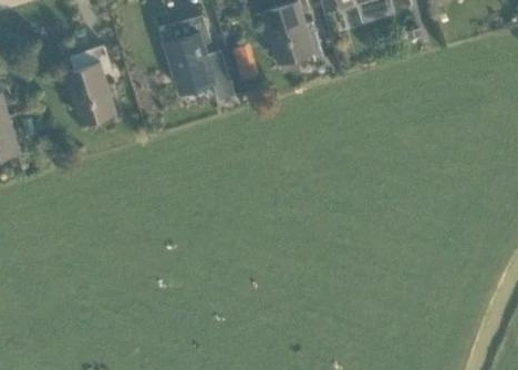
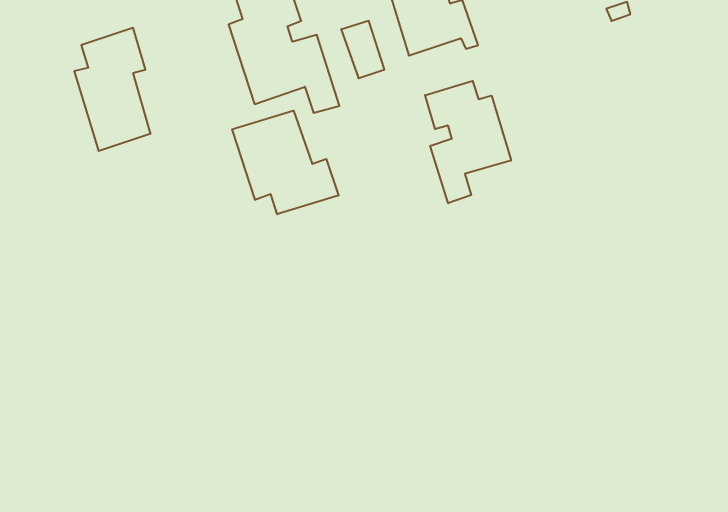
building: none -> [425,81,511,203]
building: none -> [232,111,339,214]

